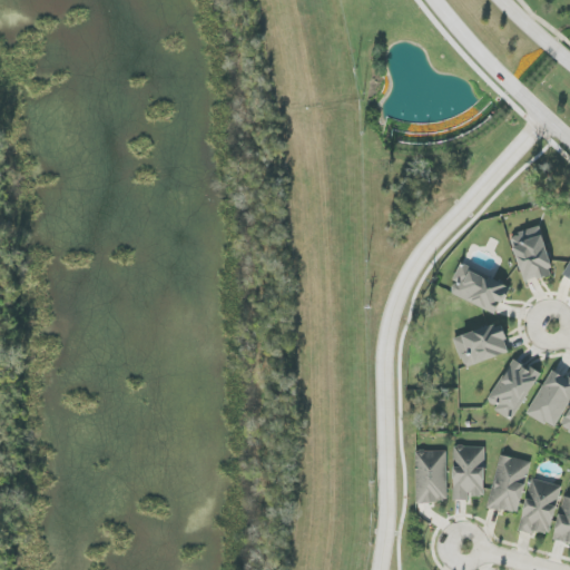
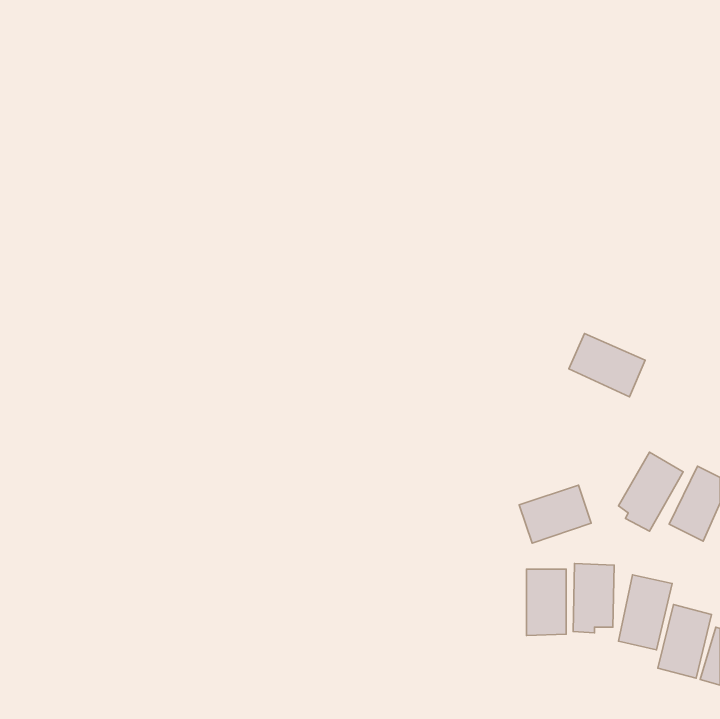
building: [511,226,551,279] -> none
building: [453,321,510,366] -> [519,485,591,543]

